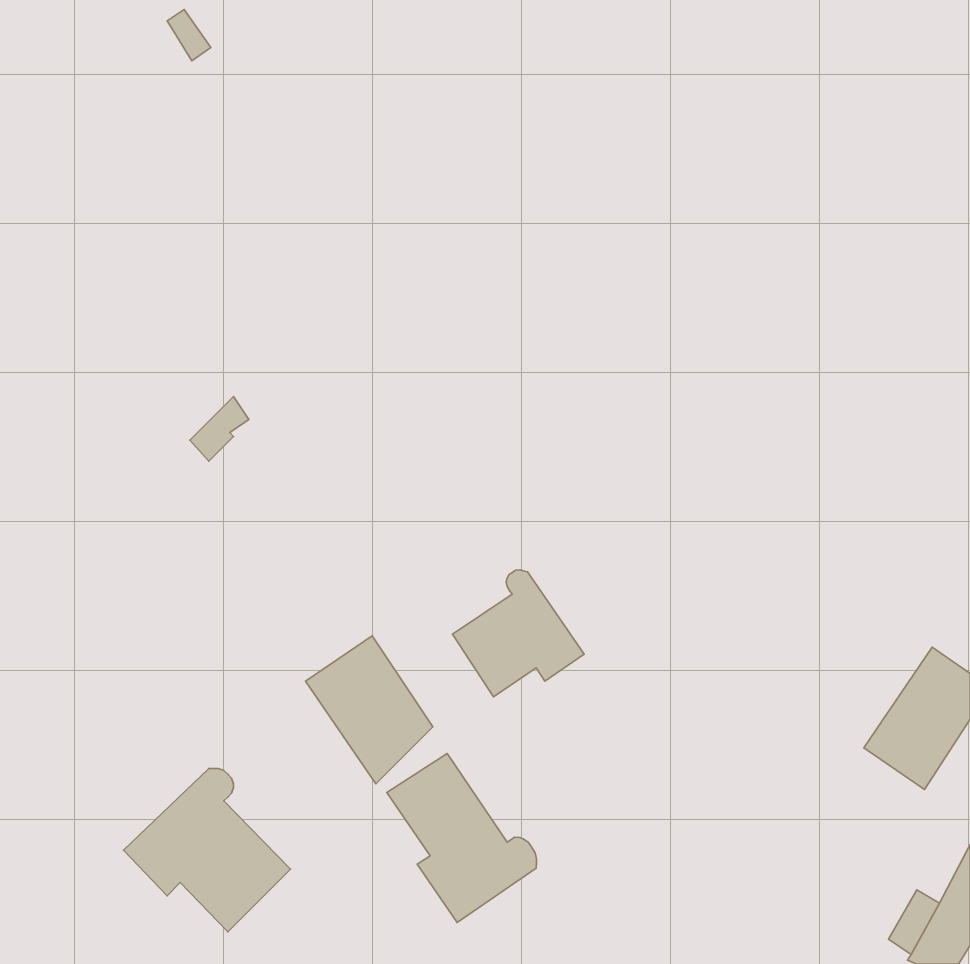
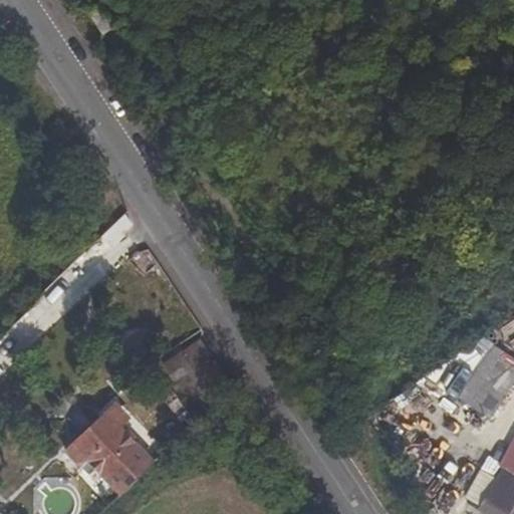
building: [452,570,584,697] -> none
building: [387,754,537,922] -> none

